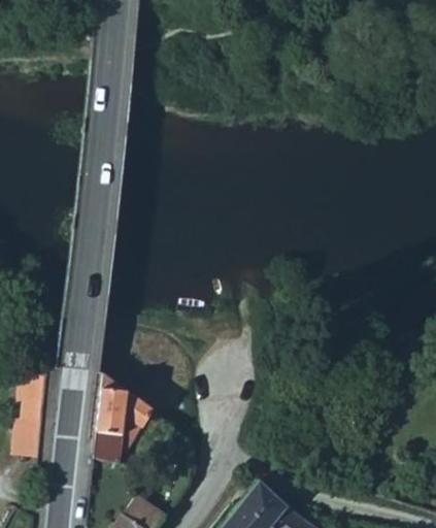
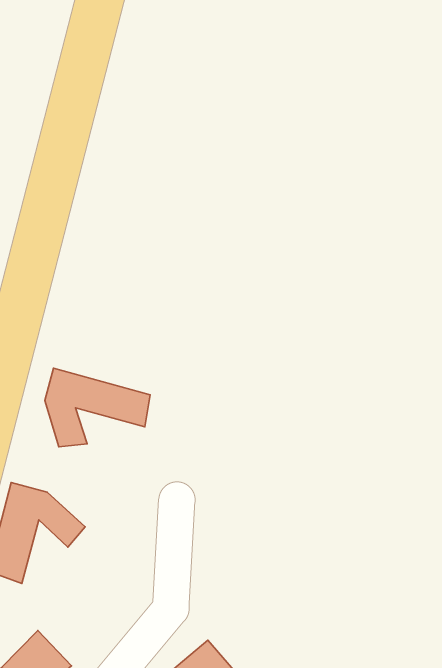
building: none -> [45,368,150,447]

